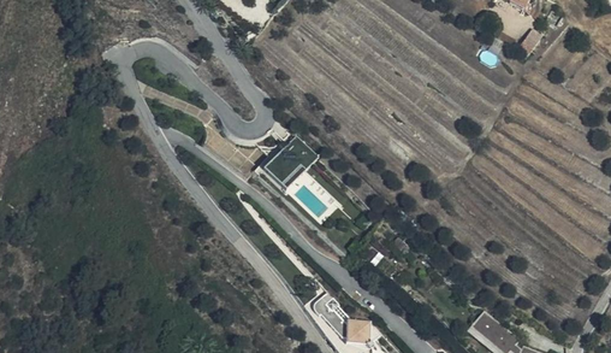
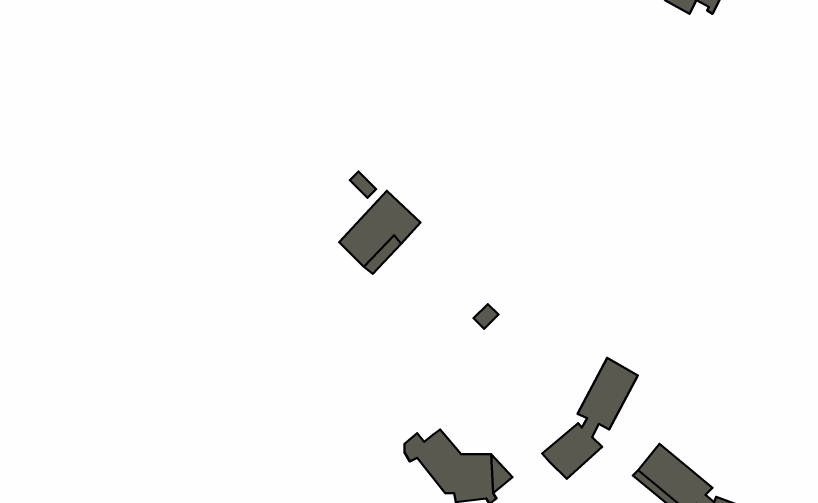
building: none -> [542,358,638,479]

